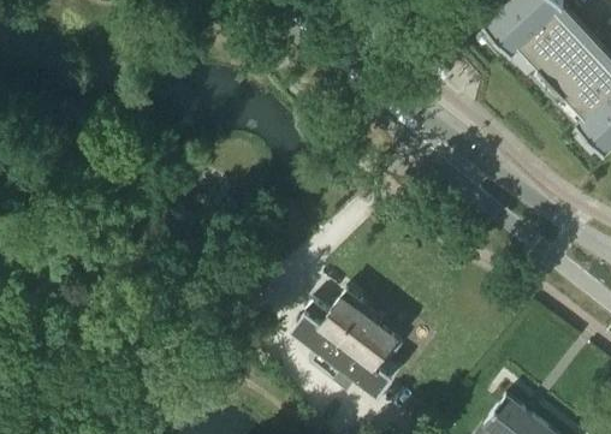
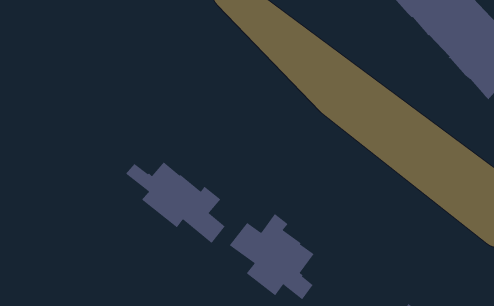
building: none -> [125,162,225,244]

